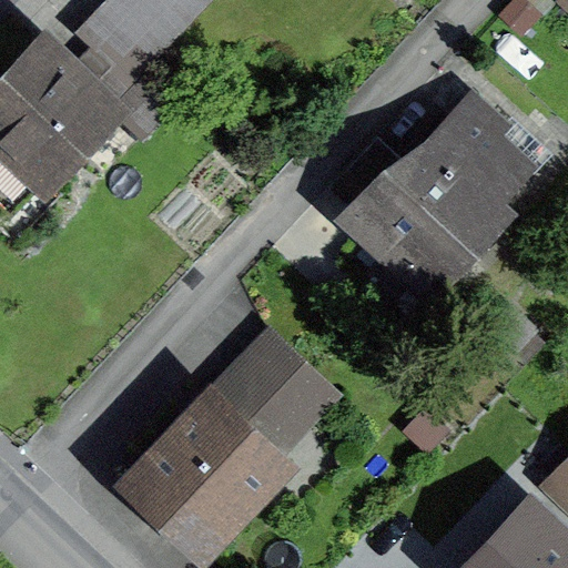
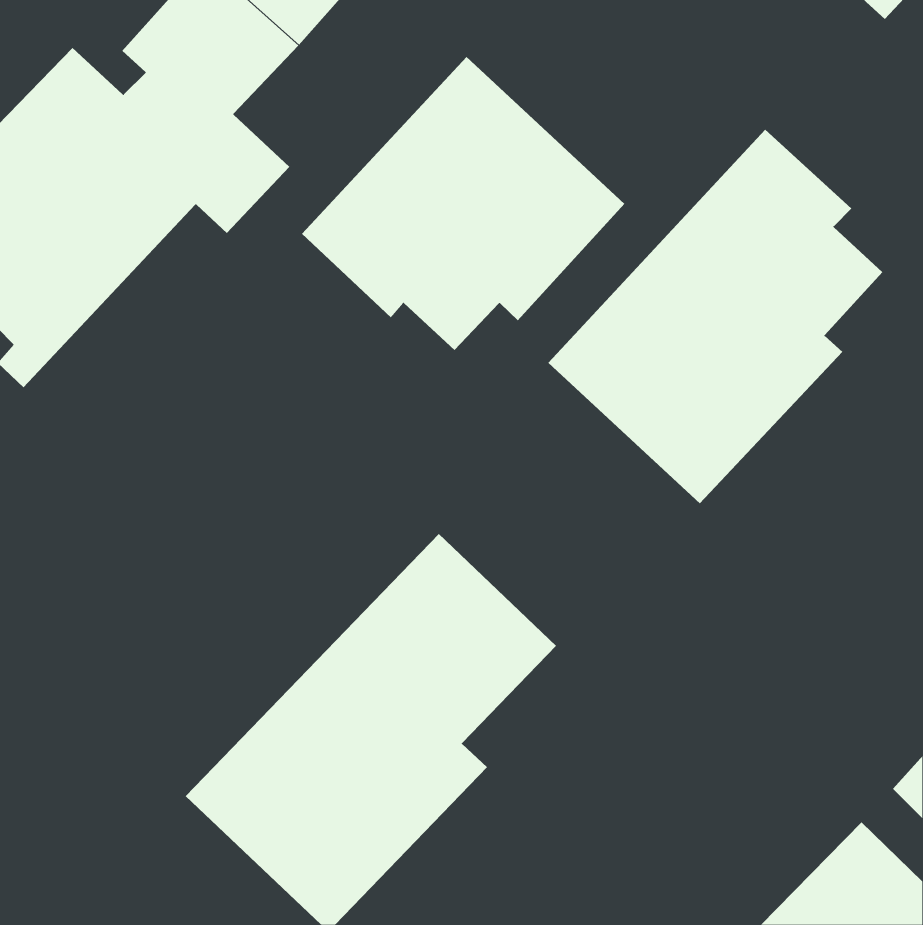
building: none -> [301,56,625,351]

